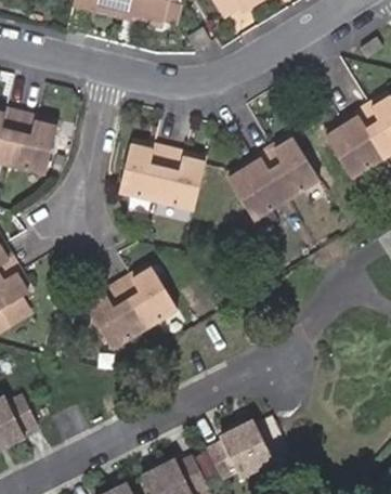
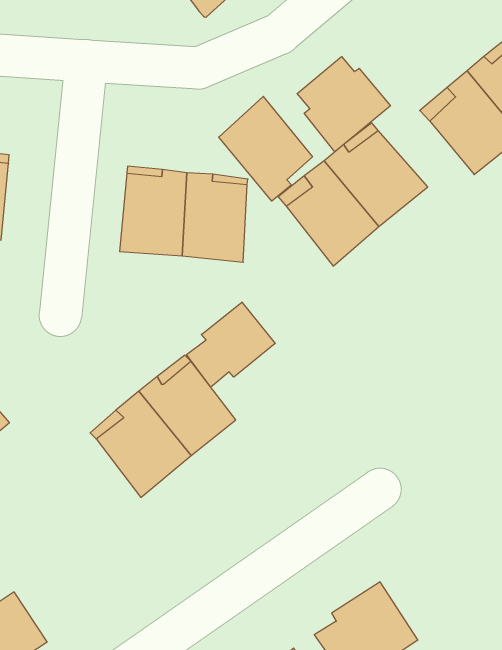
building: none -> [297,57,390,152]
building: none -> [219,96,312,201]
building: none -> [187,302,275,387]

